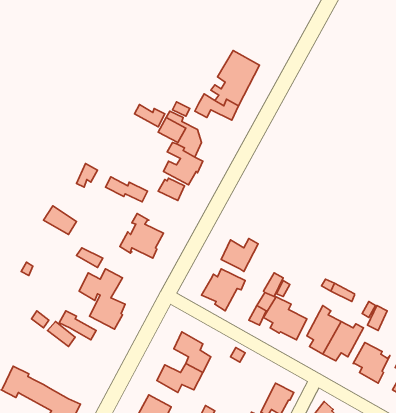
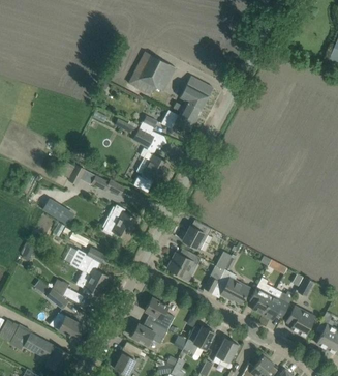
building: none -> [127,52,175,95]
building: none -> [50,313,83,339]
building: none -> [182,325,214,354]

